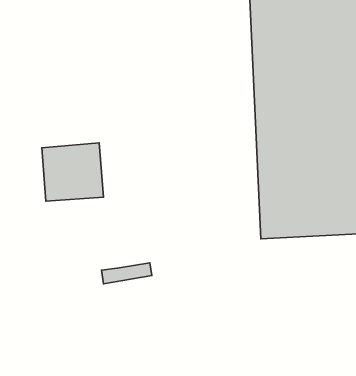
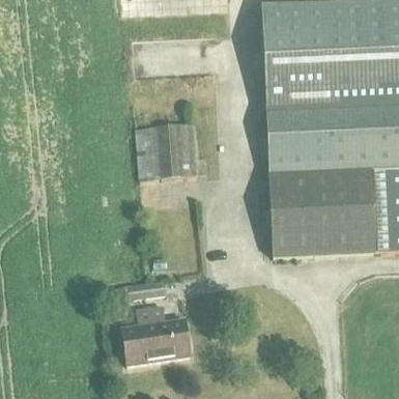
building: [42,143,103,201] -> [136,121,197,179]
building: none -> [122,318,190,363]

